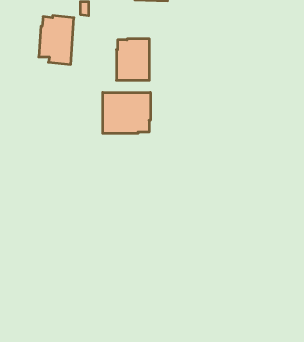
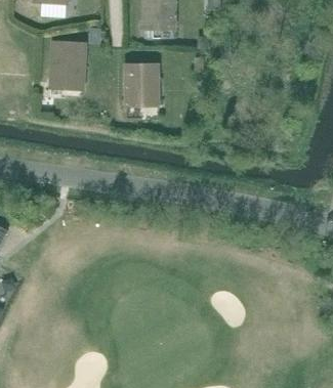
building: [103,92,150,133] -> none

